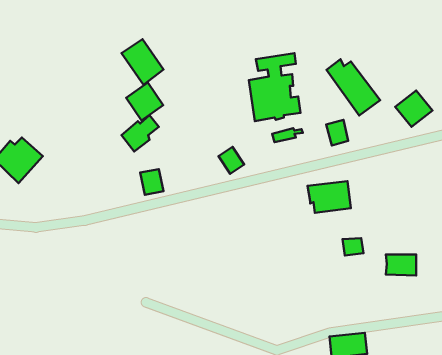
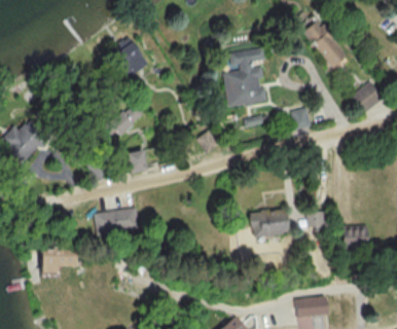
building: [326,59,380,115] -> [303,21,351,70]
building: [126,82,163,120] -> none
building: [308,181,351,213] -> [248,208,286,235]
building: none -> [95,209,141,240]
building: none -> [41,243,78,273]

